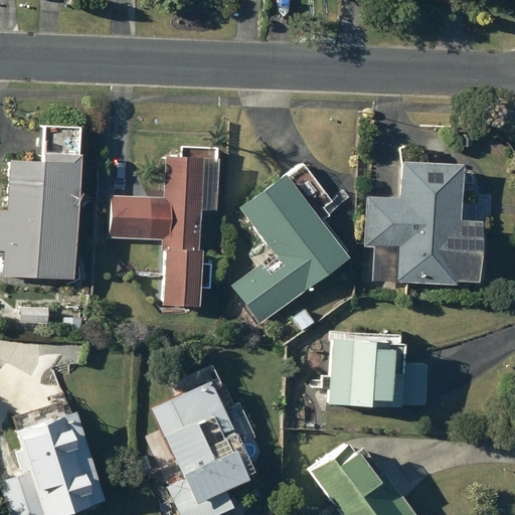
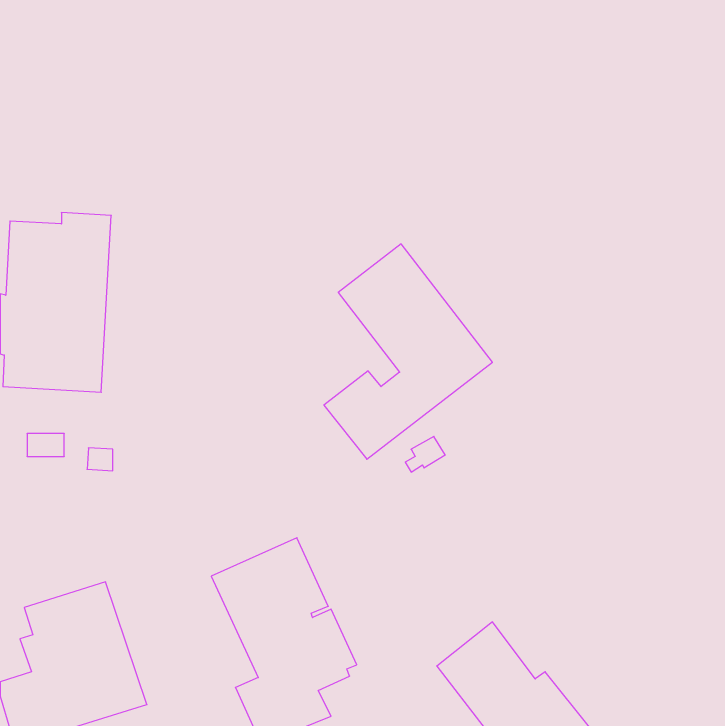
building: [111,156,203,306] -> none
building: [367,162,484,285] -> none
building: [323,339,428,408] -> none

